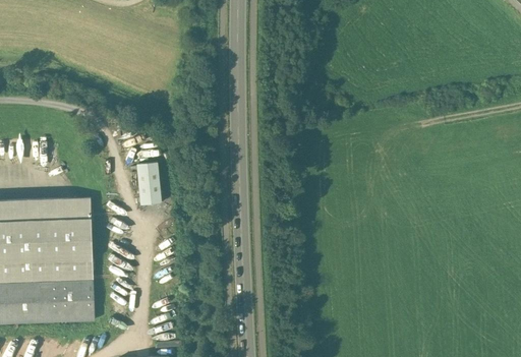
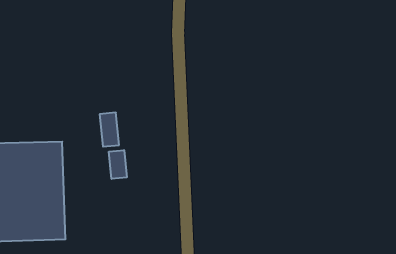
building: none -> [109,150,127,179]

